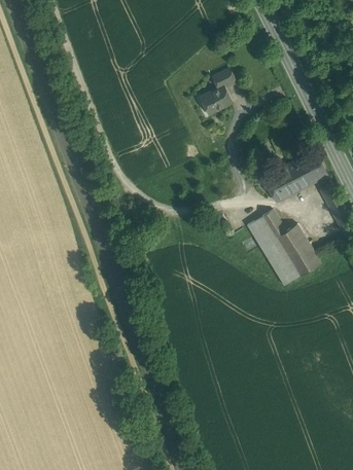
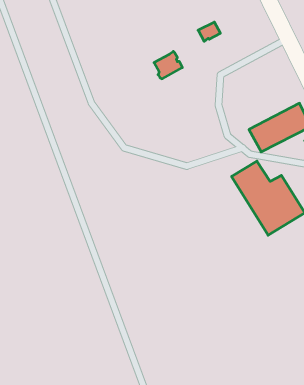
building: [203,85,232,113] -> [154,51,182,79]

